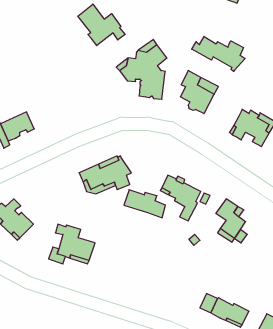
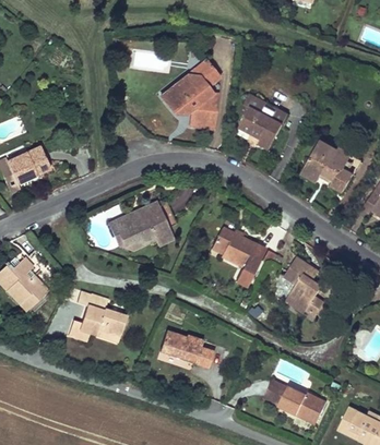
building: [78,4,125,46] -> none
building: [192,36,245,71] -> none
building: [124,190,165,218] -> [161,332,214,368]

